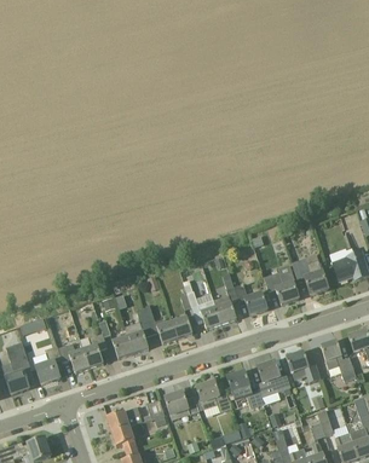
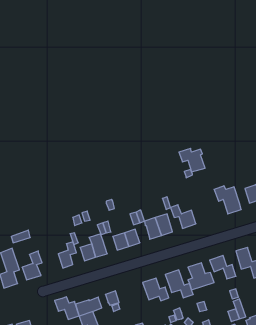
building: [263,272,298,303] -> [179,148,205,172]
building: [56,342,88,372] -> [55,297,79,319]
building: [163,390,197,416] -> none

